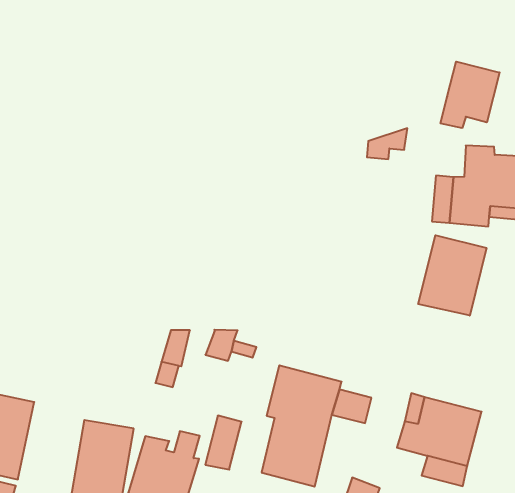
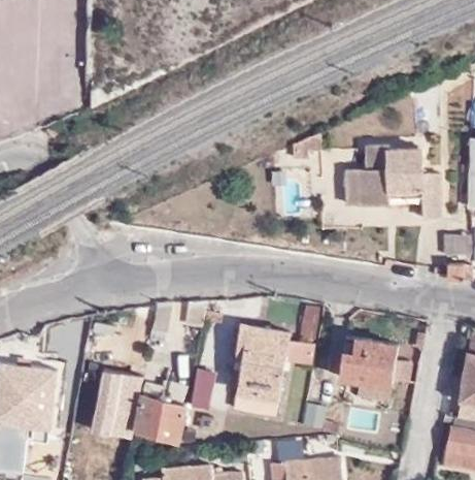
building: [441,62,500,128] -> none
building: [418,235,486,316] -> none

